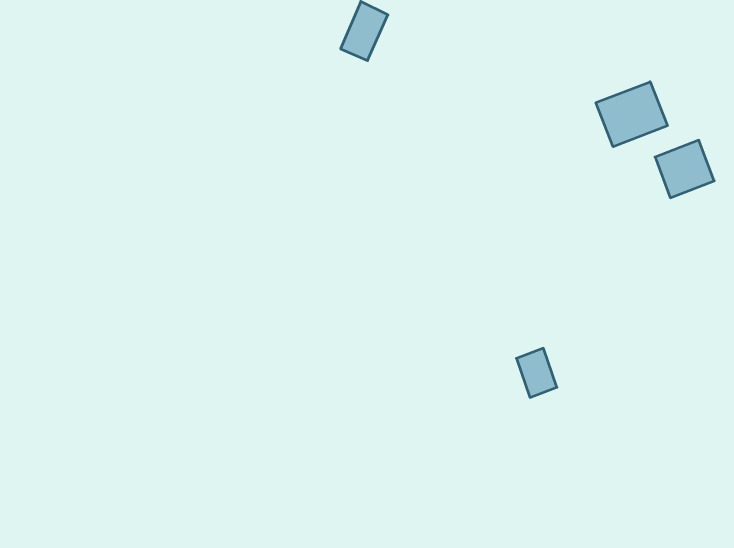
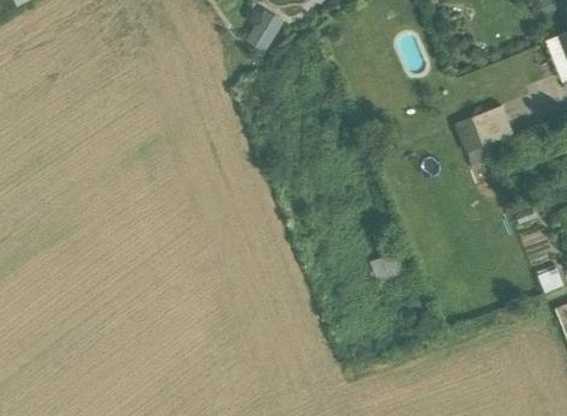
building: [596,82,667,147] -> none

